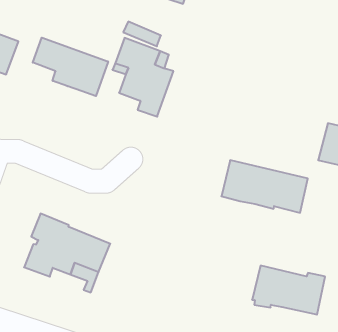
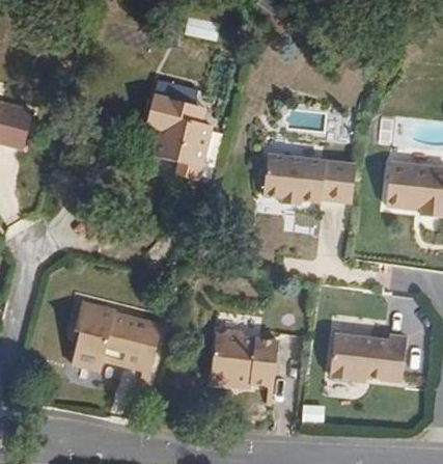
building: [33,38,108,96] -> none
building: [221,160,308,213] -> [262,151,357,200]
building: none -> [206,327,278,385]

